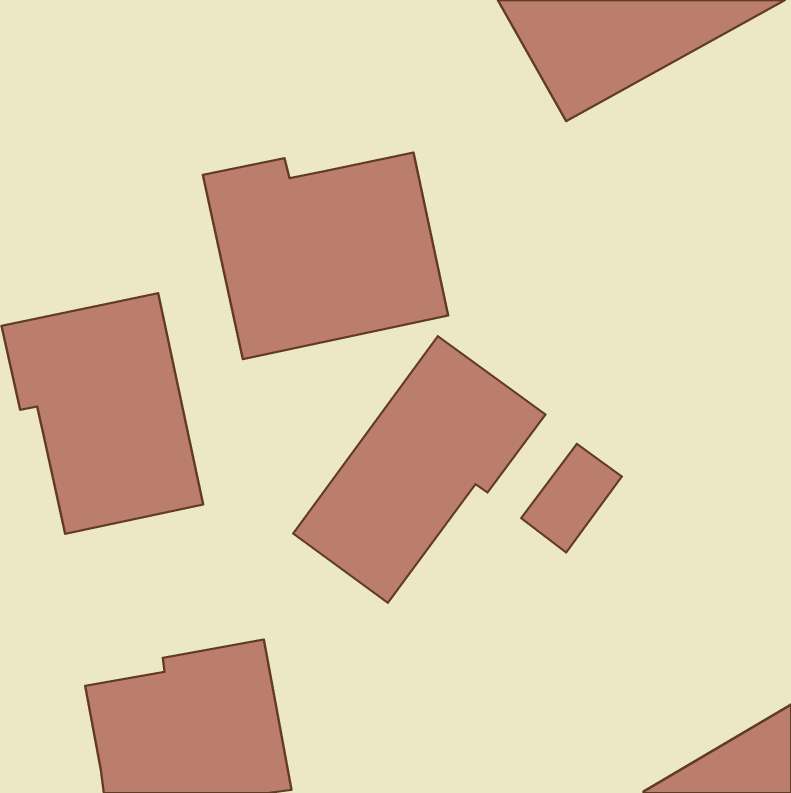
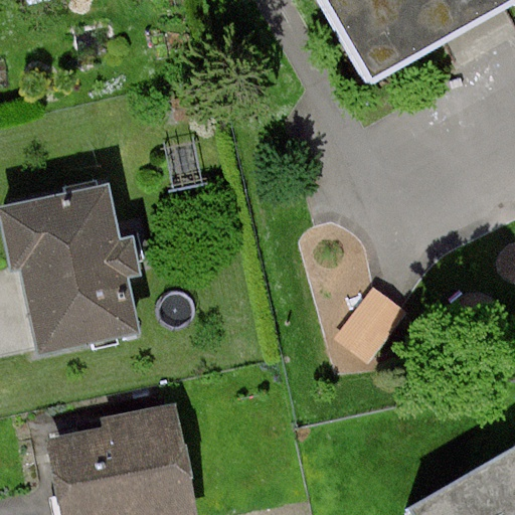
building: [203,153,448,359] -> none
building: [293,336,546,603] -> none

